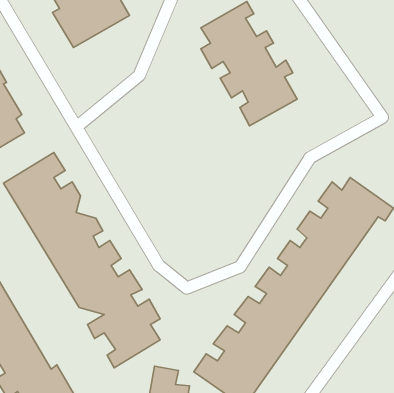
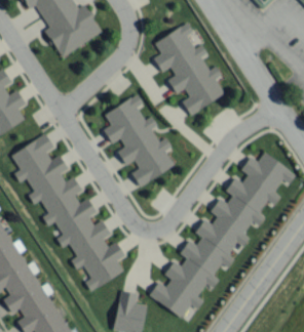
building: none -> [103,96,174,186]

